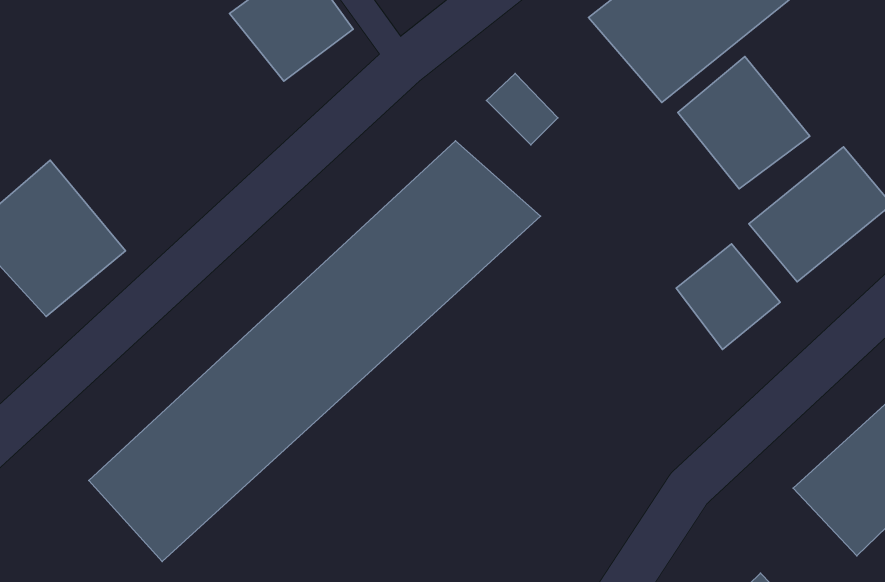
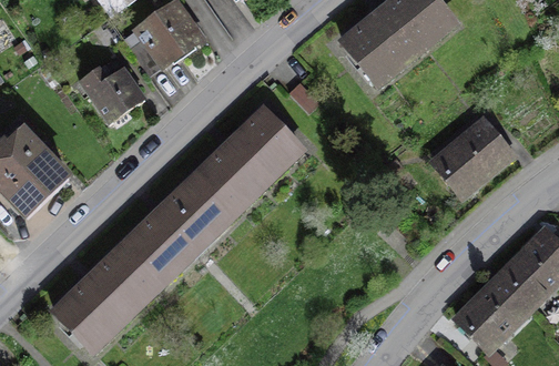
building: none -> [80,54,143,116]
building: [678,57,810,189] -> none
building: [676,244,780,349] -> none

